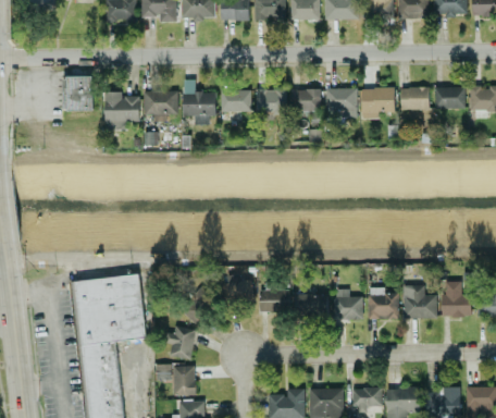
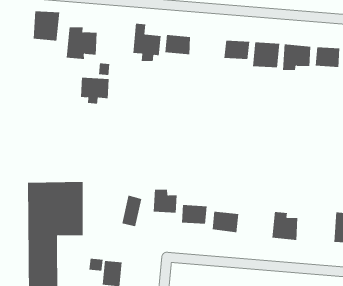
building: [256,89,286,114] -> none
building: [144,90,178,122] -> [80,77,110,104]
building: [402,285,437,319] -> none
building: [334,290,363,320] -> none
building: [170,328,194,359] -> none

